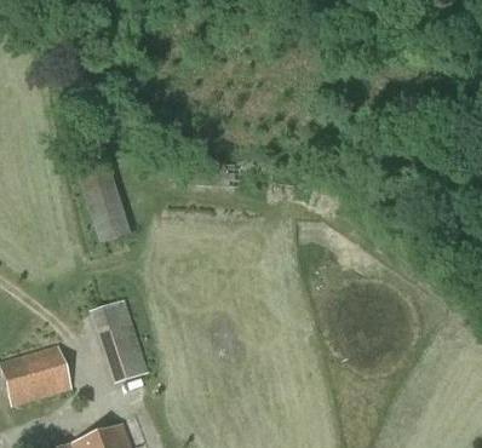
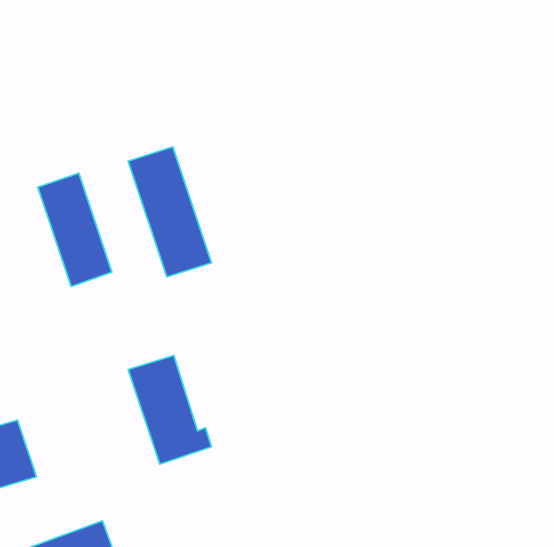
building: none -> [128,147,211,277]
building: [90,298,154,381] -> [128,355,212,464]

